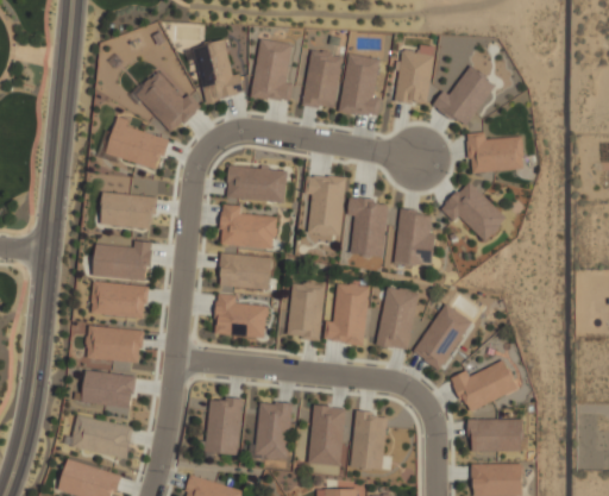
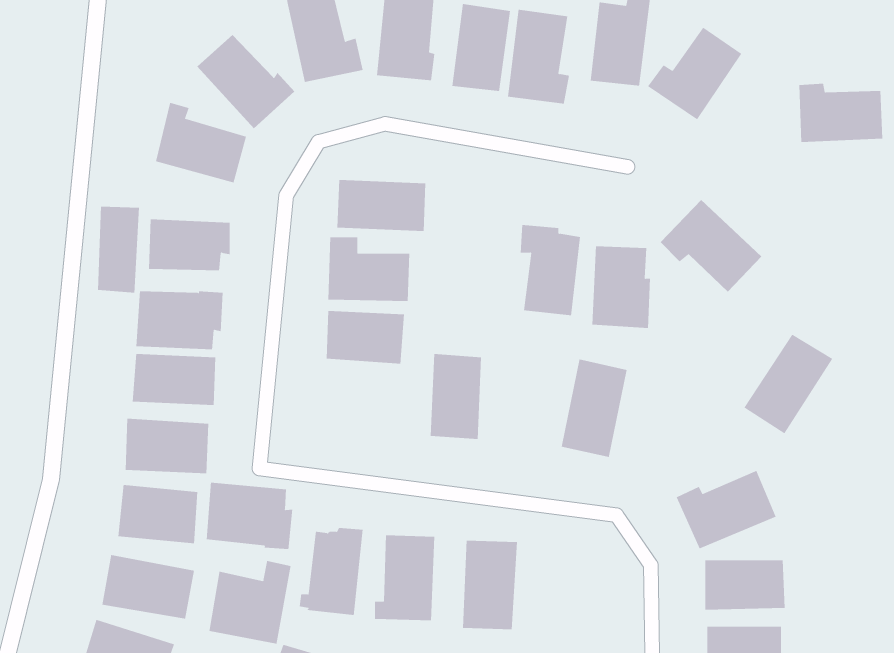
building: [467,132,523,171] -> [799,83,883,142]
building: [304,174,345,236] -> none
building: none -> [97,206,139,294]
building: [324,283,369,345] -> none
building: [214,293,268,338] -> none
building: [413,303,472,370] -> [743,334,833,434]
building: none -> [206,482,293,550]
building: [350,413,387,470] -> none
building: none -> [209,560,291,644]

